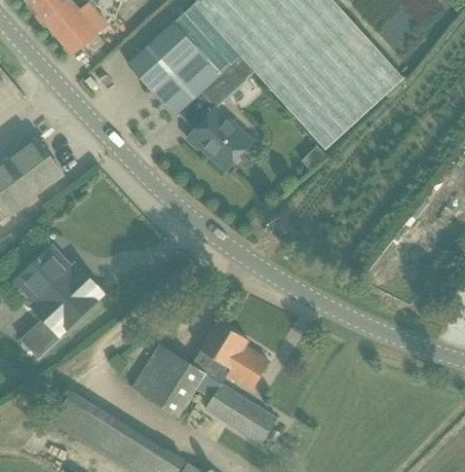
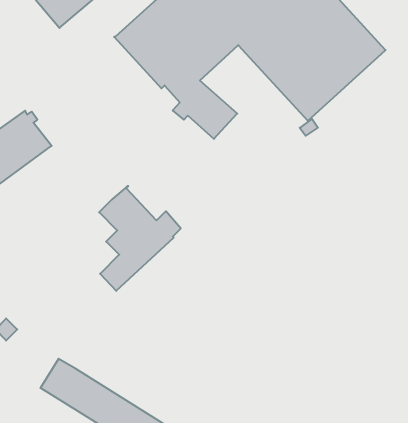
building: [20,250,103,357] -> [99,186,181,291]
building: [132,321,277,446] -> none

